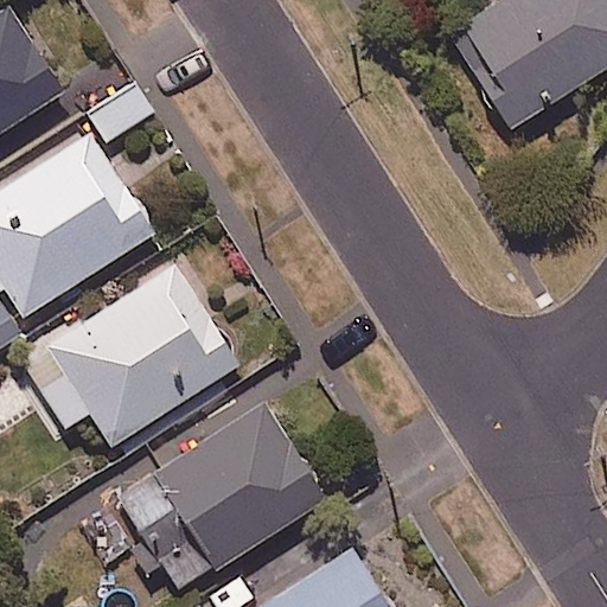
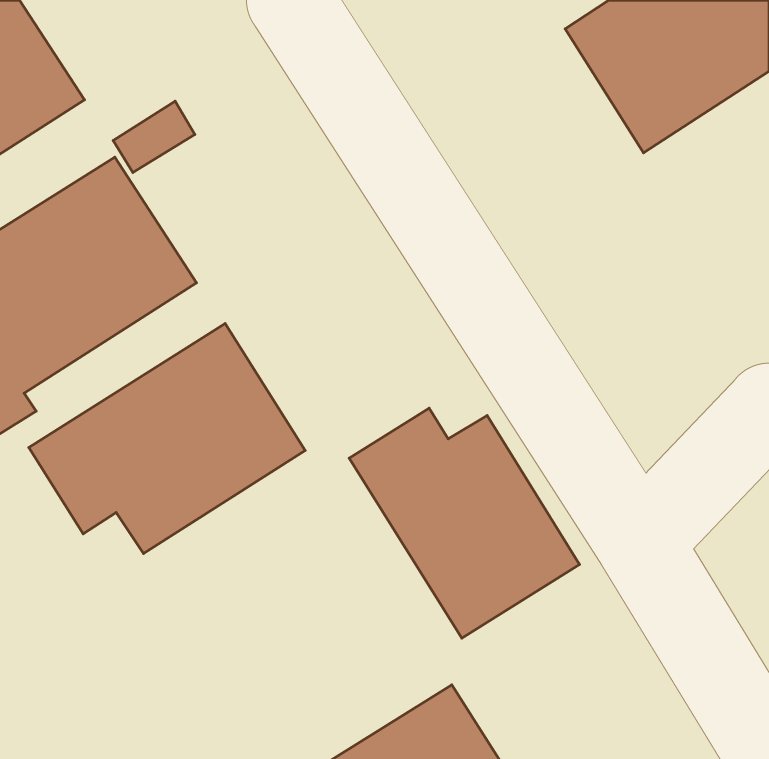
building: none -> [349,408,580,638]
building: [119,400,327,590] -> none

